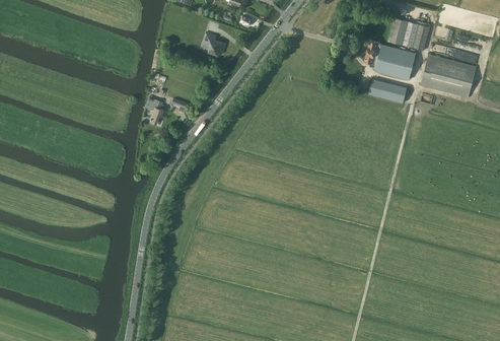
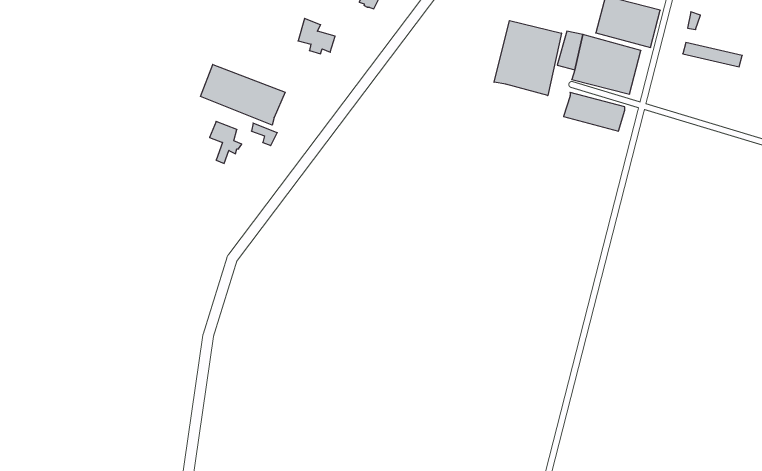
building: none -> [494,21,561,96]
building: [421,55,477,97] -> none
building: none -> [201,64,285,125]

